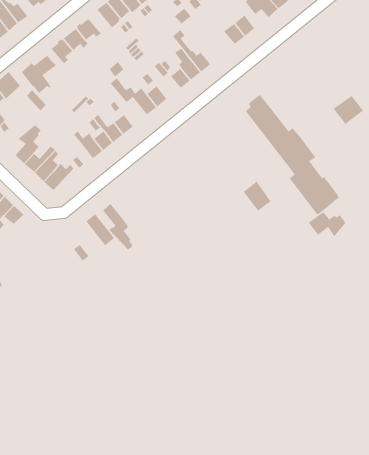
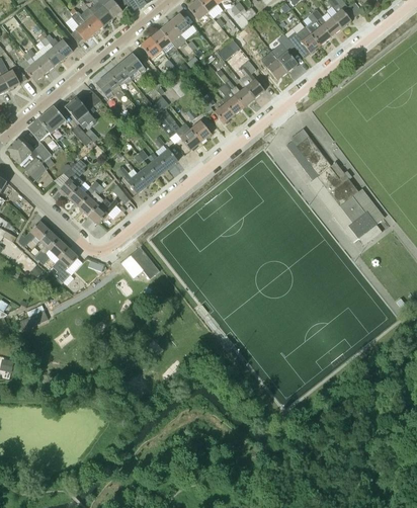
building: none -> [237,60,263,99]
building: [332,95,364,125] -> none
building: [243,180,271,212] -> none
building: [102,203,134,250] -> none
building: [308,211,346,237] -> none
building: none -> [51,248,77,282]

